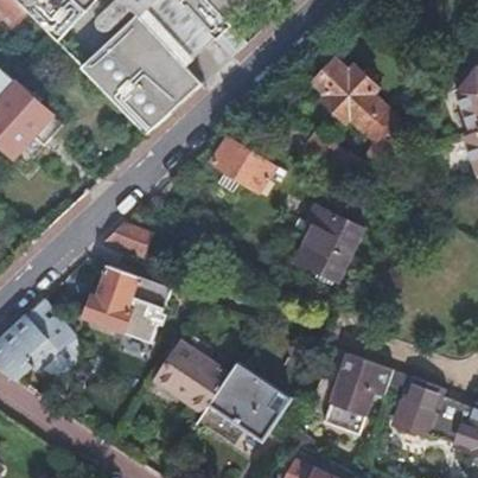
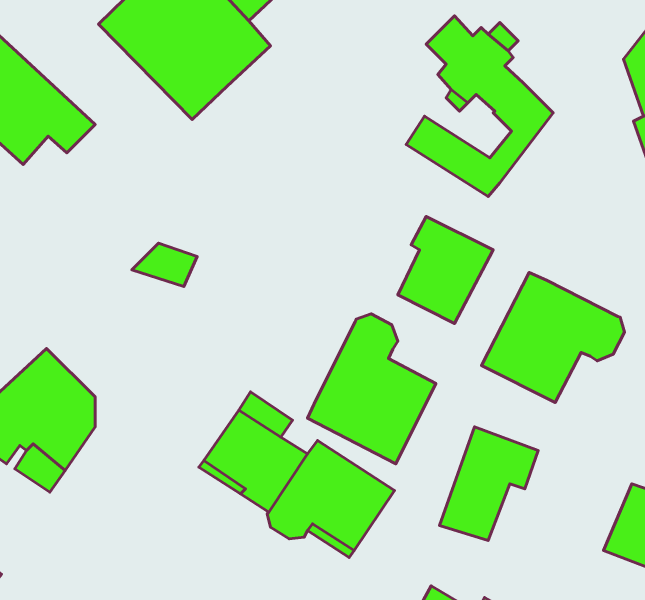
building: [209,136,269,196] -> none
building: none -> [481,273,625,403]
building: [85,268,172,343] -> none
building: none -> [308,314,436,464]
building: [391,375,459,441] -> none

